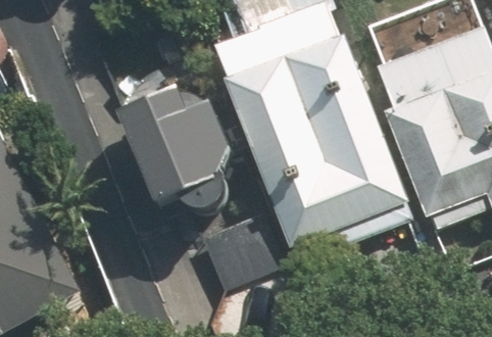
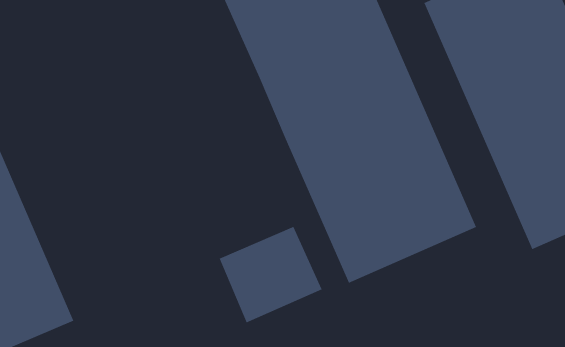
building: [115,81,253,207] -> none

